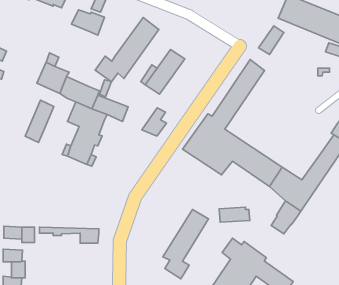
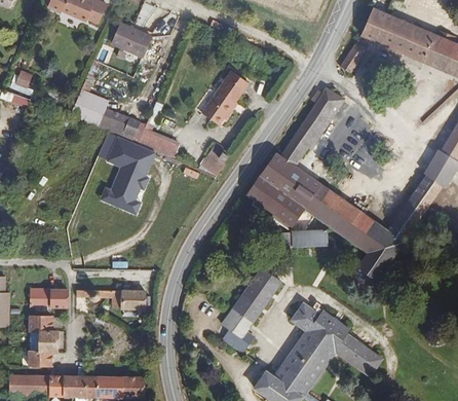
building: [95,17,159,82] -> none
building: [25,100,54,143] -> none
building: [219,207,250,222] -> [292,227,329,246]

